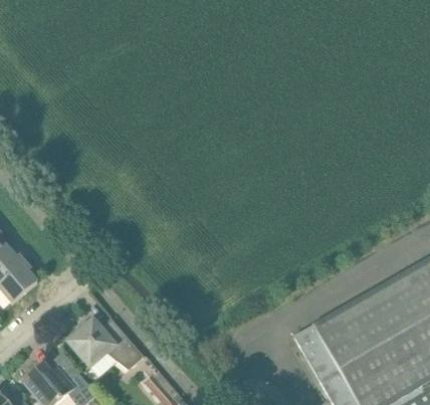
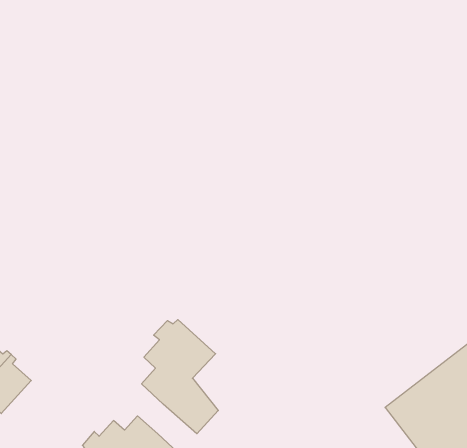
building: none -> [142,320,218,434]

